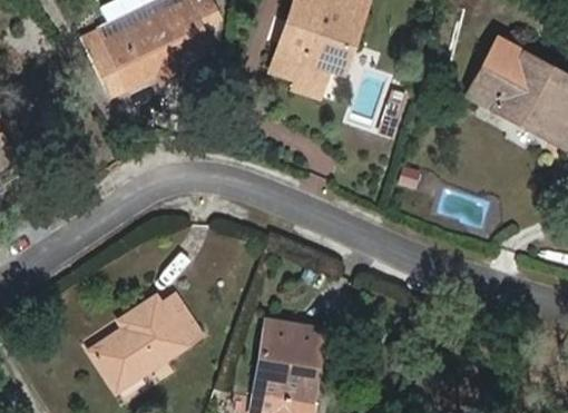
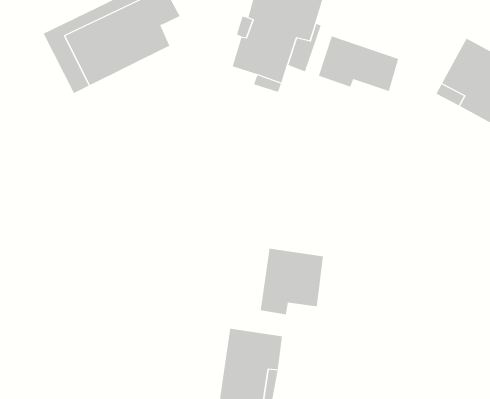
building: none -> [318,36,399,92]
building: none -> [260,248,323,315]
building: [92,294,199,386] -> none

